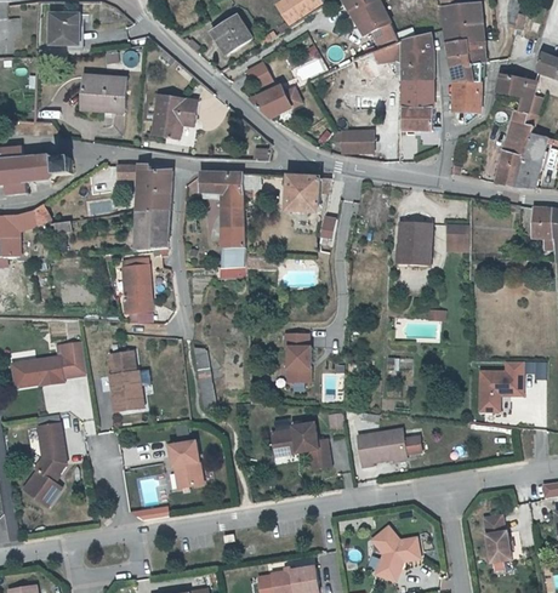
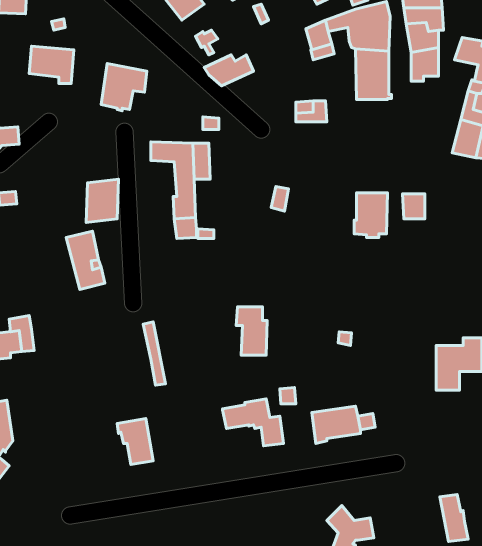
building: [138,164,170,211] -> none
building: [287,173,330,211] -> none
building: [109,350,142,412] -> none

